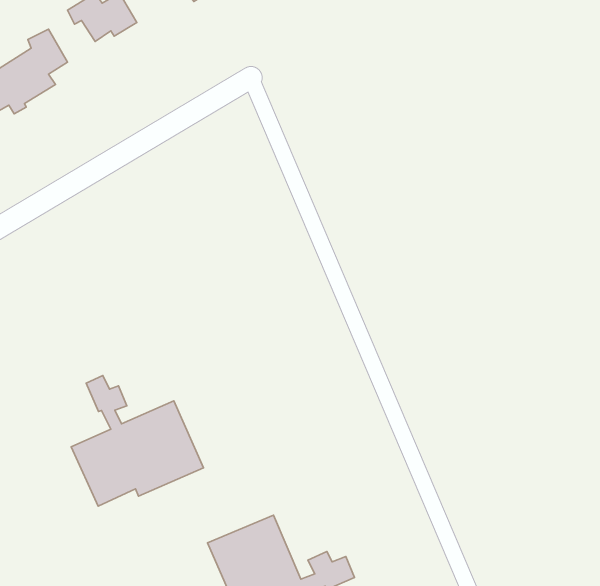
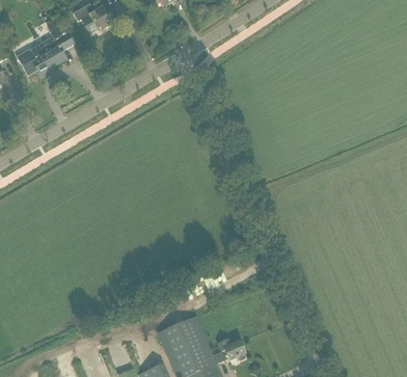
building: [71,375,204,506] -> none

